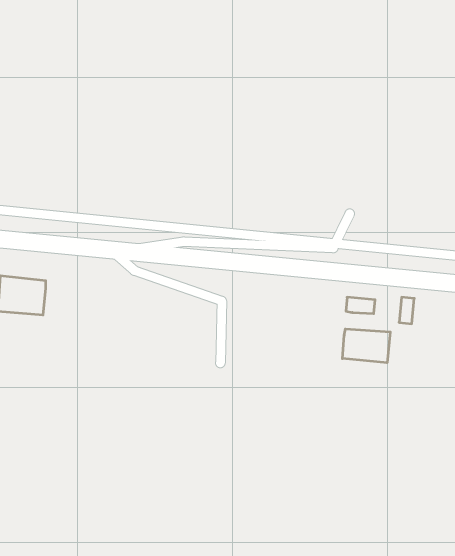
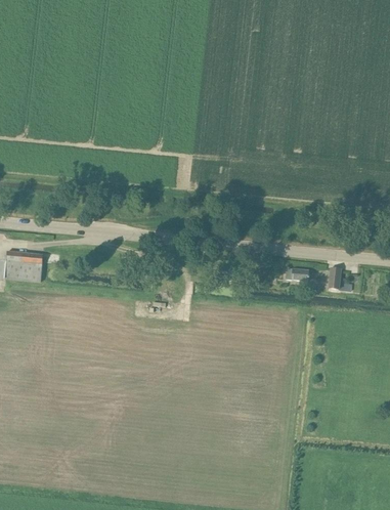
building: [342,329,390,363] -> none

